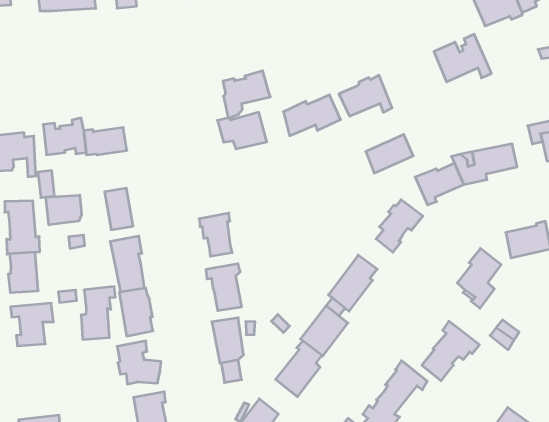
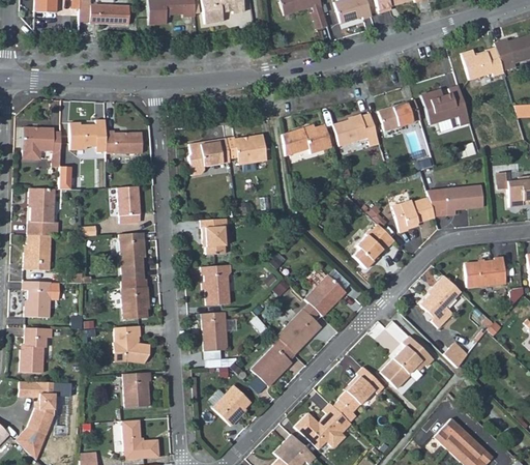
building: [223,71,270,118] -> [187,137,229,175]
building: [366,134,413,173] -> [381,100,422,132]
building: [46,195,82,225] -> none
building: [81,287,115,339] -> [20,327,53,372]

